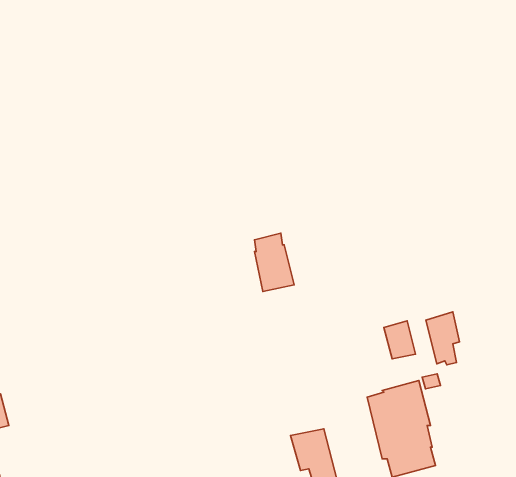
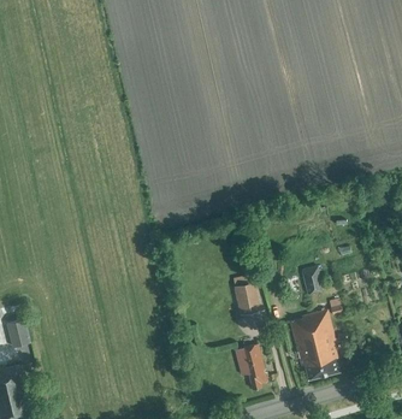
building: [254,233,294,291] -> [233,273,262,315]
building: [426,312,459,365] -> none

